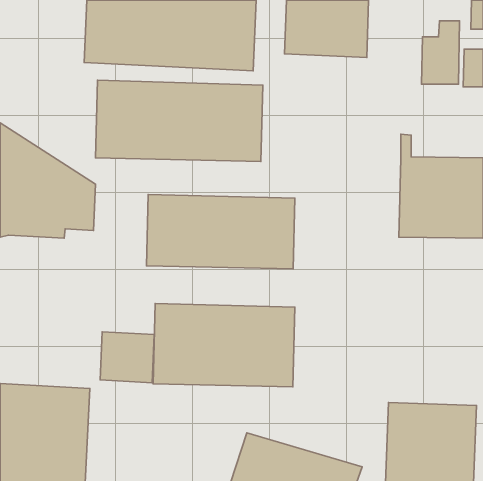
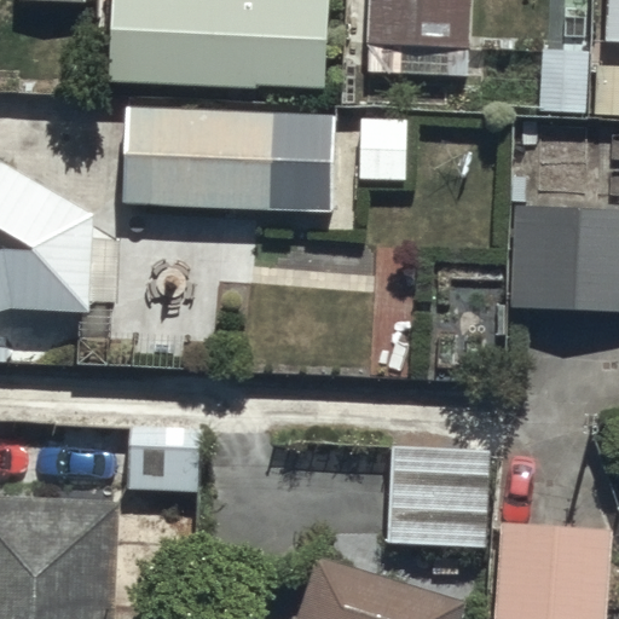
building: [147,194,295,269] -> none
building: [153,303,295,387] -> none
building: none -> [389,435,487,545]

